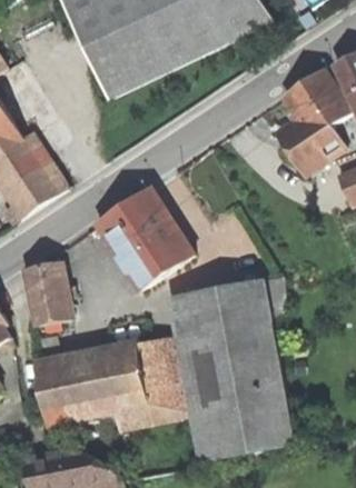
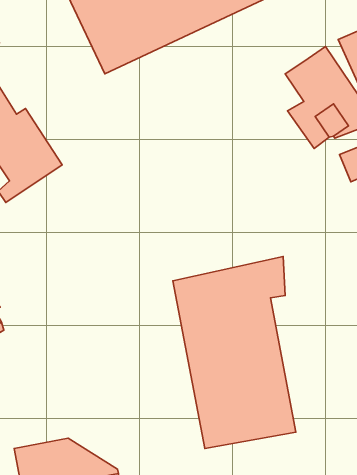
building: [95,188,194,290] -> none
building: [26,261,71,326] -> none
building: [36,339,191,427] -> none

